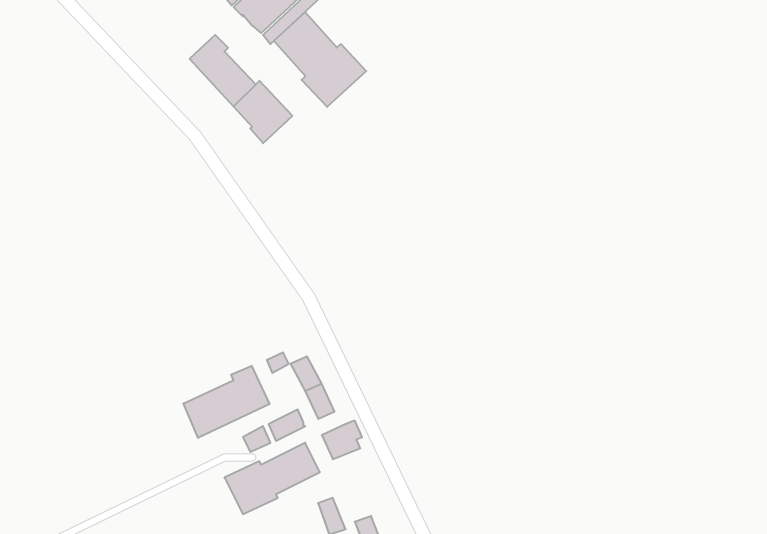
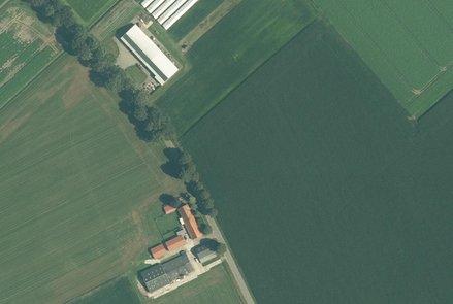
building: [274,12,366,107] -> none
building: [183,366,270,438] -> none

